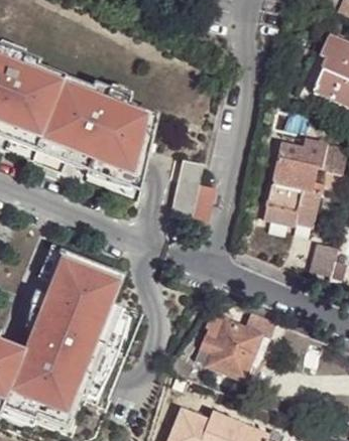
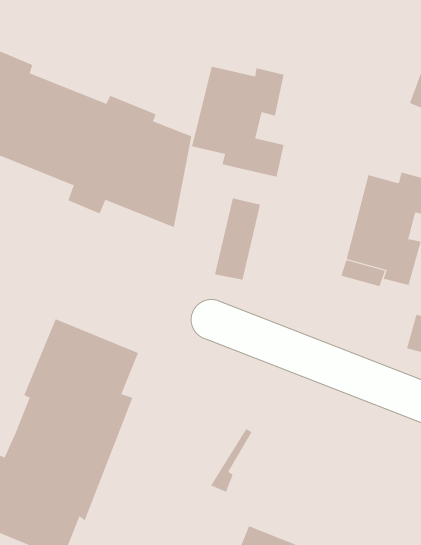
building: none -> [192,66,284,178]
building: [196,308,267,379] -> none

